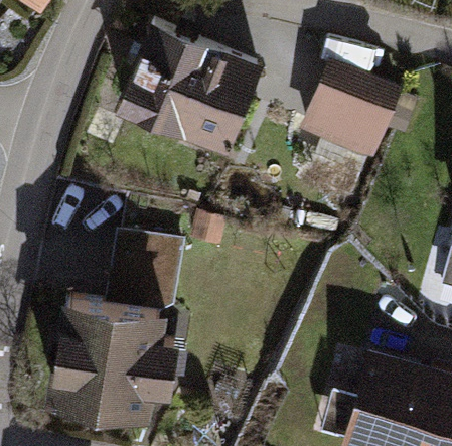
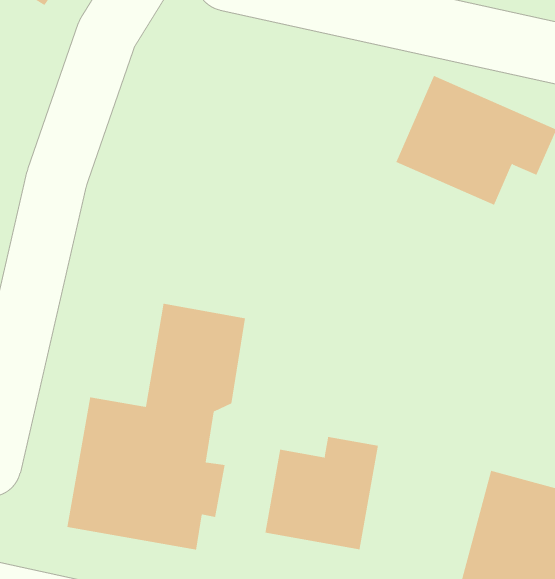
building: [129,24,263,143] -> none
building: none -> [265,436,378,550]

